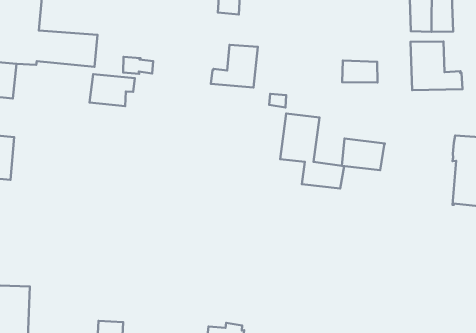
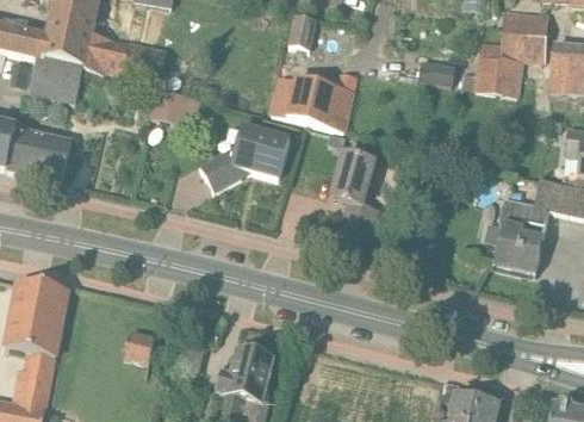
building: [411,42,462,90] -> none
building: none -> [313,82,352,129]
building: [342,60,377,82] -> [418,57,455,83]
building: none -> [199,123,291,190]
building: [342,139,385,170] -> none

